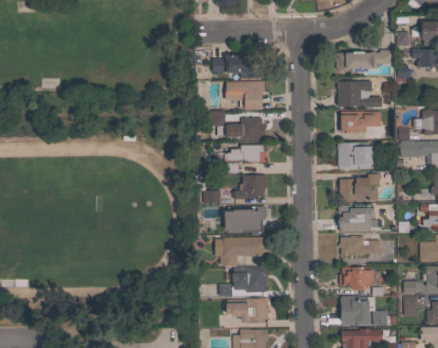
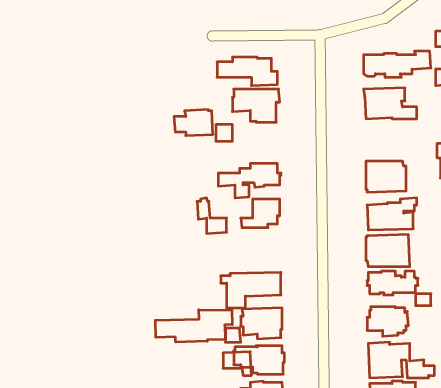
building: [340,112,380,132] -> none
building: [232,118,265,140] -> [174,110,213,136]
building: [233,205,267,235] -> none
building: none -> [155,310,232,342]

